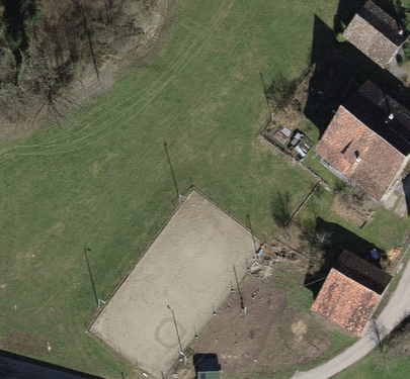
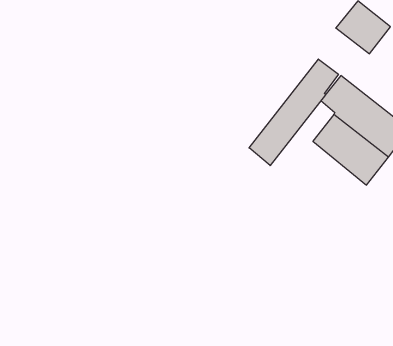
building: none -> [249,59,338,166]
building: [312,262,380,334] -> none

